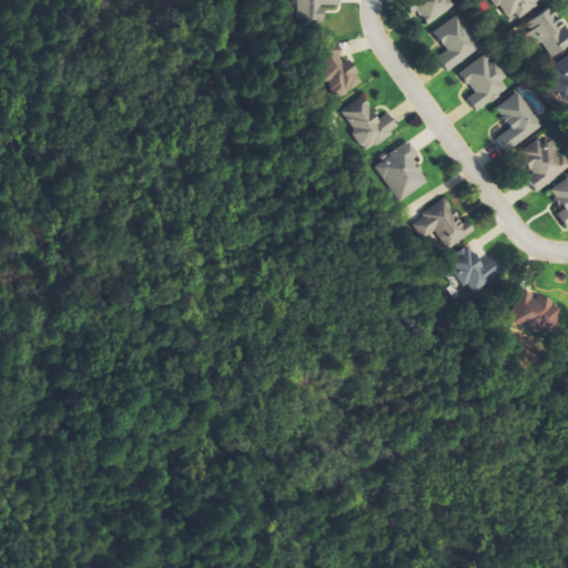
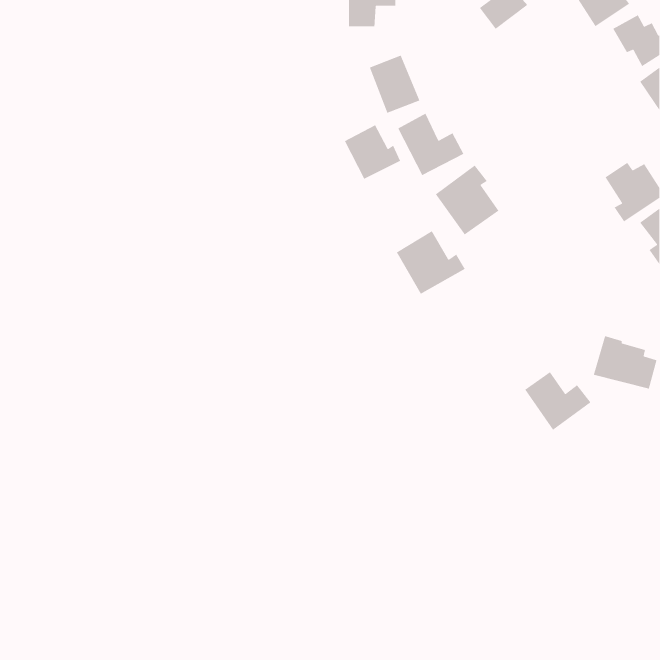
building: [433,16,478,70] -> none
building: [458,55,510,111] -> none
building: [494,91,542,152] -> none
building: none -> [344,124,401,180]
building: [415,199,475,254] -> [396,230,466,295]
building: [446,244,504,295] -> [524,371,591,431]

